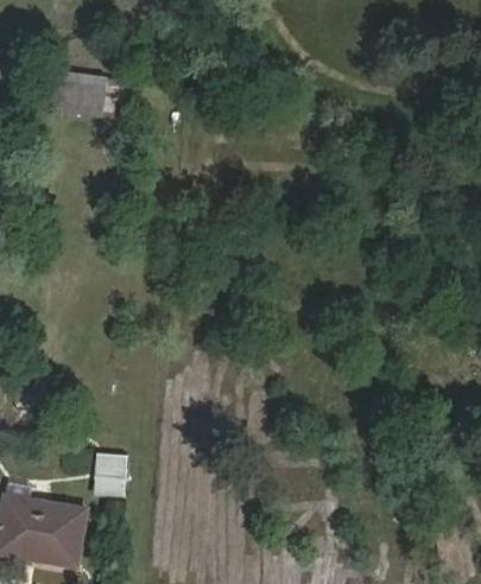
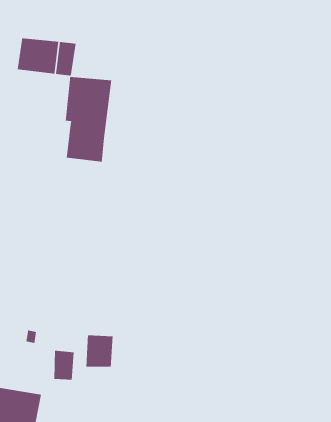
building: none -> [65,76,112,162]
building: none -> [86,334,113,368]

